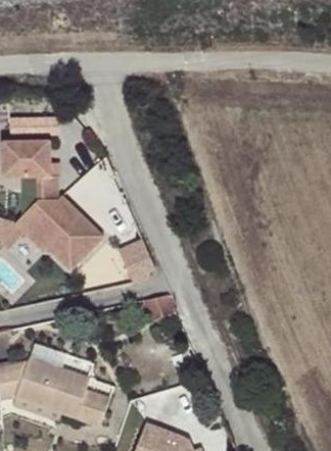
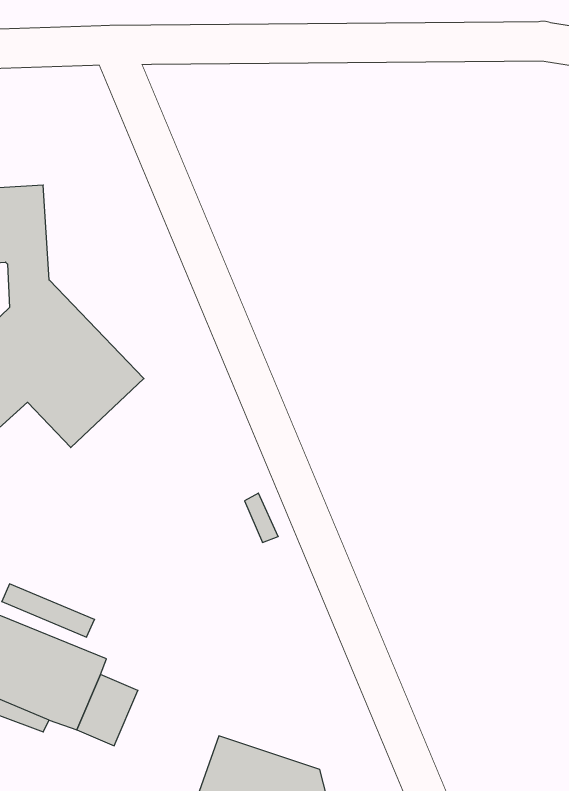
building: [116,238,155,281] -> none

